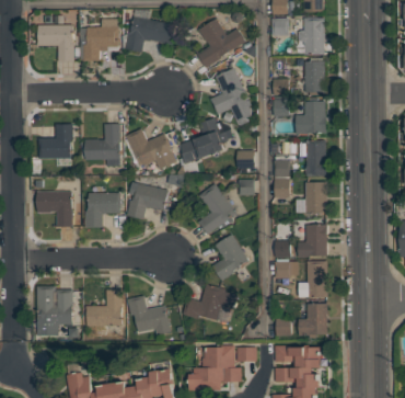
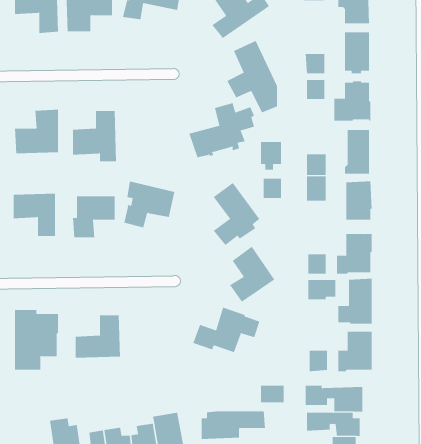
building: [125,129,175,171] -> none
building: [128,297,170,336] -> none
building: [202,345,234,368] -> none

